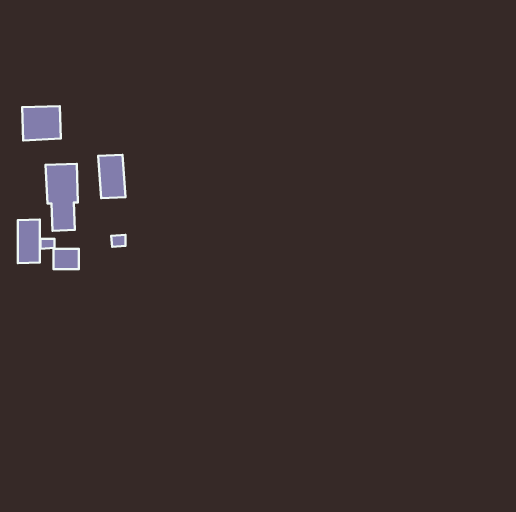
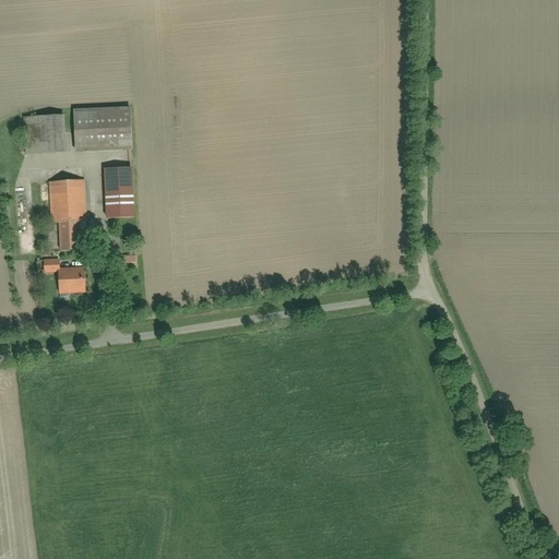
building: none -> [73,106,132,150]
building: [18,219,40,263] -> none

